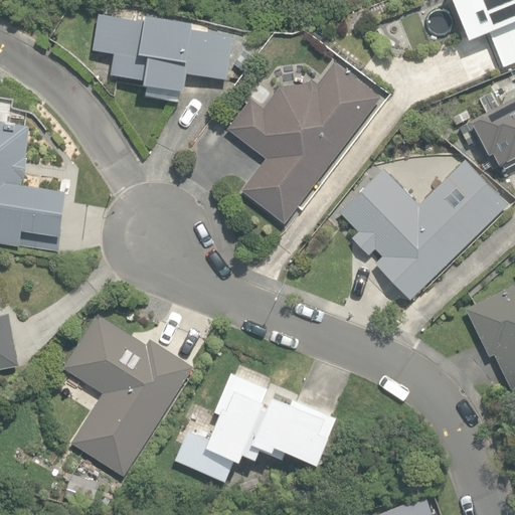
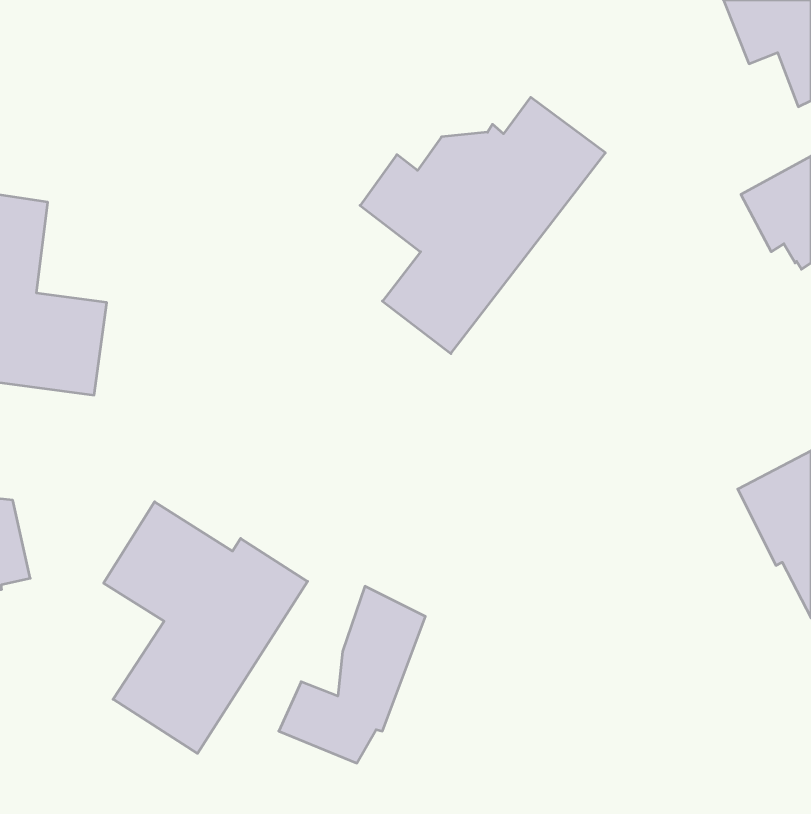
building: [94,14,234,103] -> none
building: [339,159,508,299] -> none
building: [256,397,336,464] -> none

